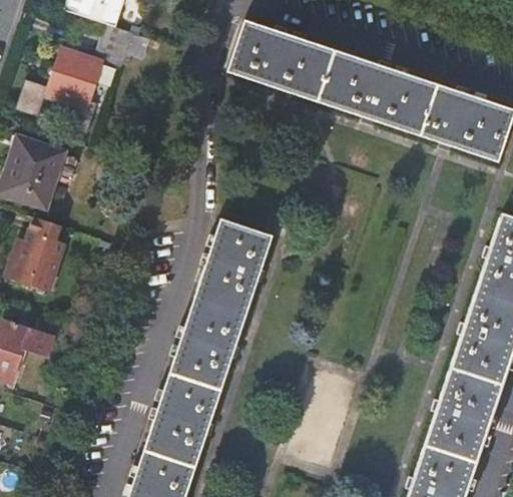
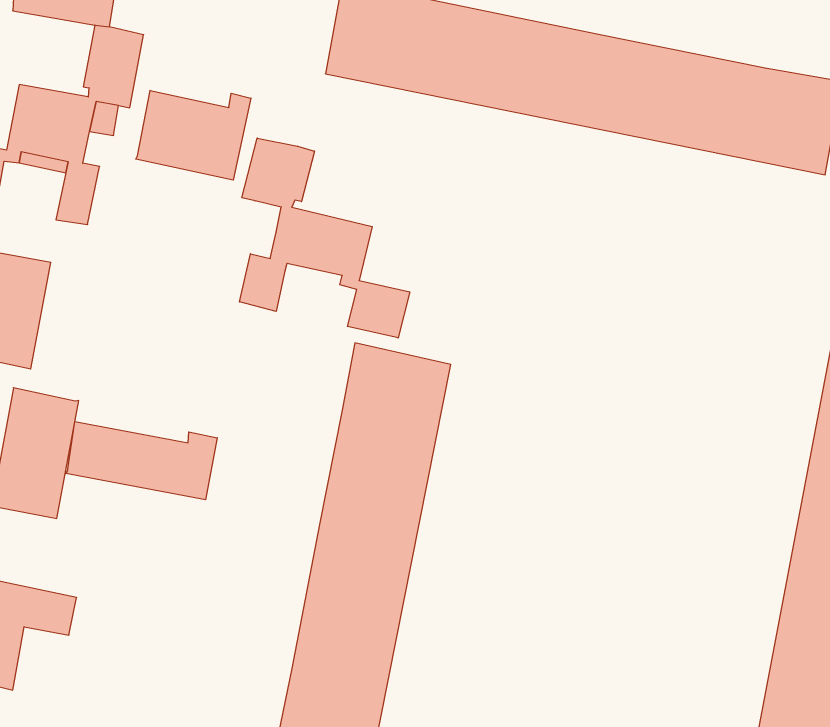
building: none -> [136,90,251,180]
building: none -> [240,138,410,338]
building: none -> [66,422,217,500]

